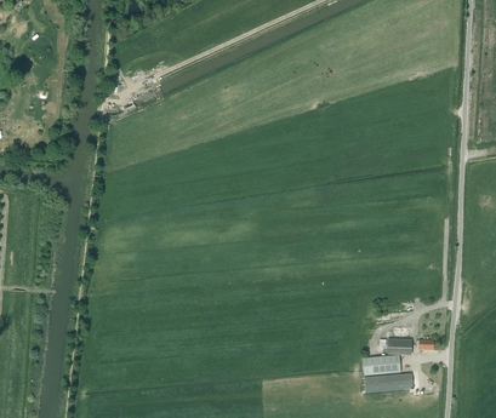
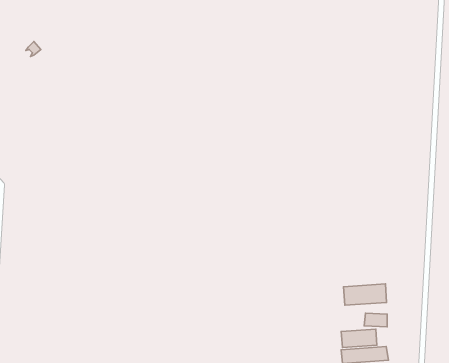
building: none -> [344,284,387,305]

